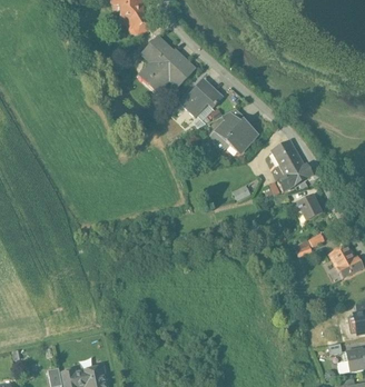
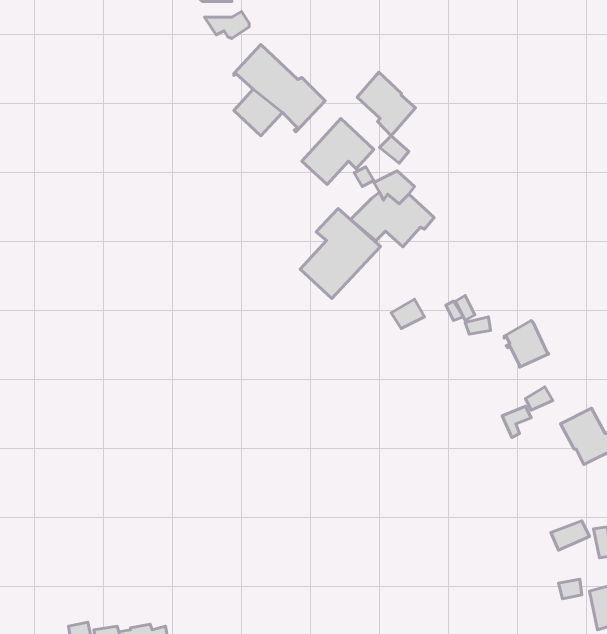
building: none -> [357,72,416,136]
building: none -> [300,208,380,298]
building: [272,140,313,190] -> none

